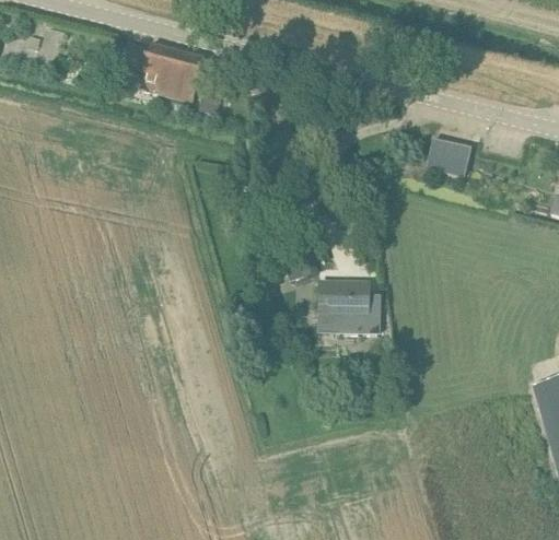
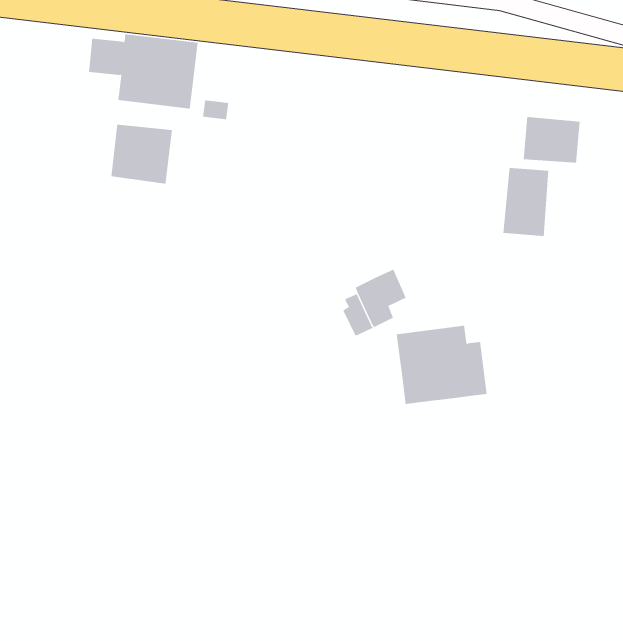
building: none -> [111,124,173,184]
building: none -> [503,167,549,237]

